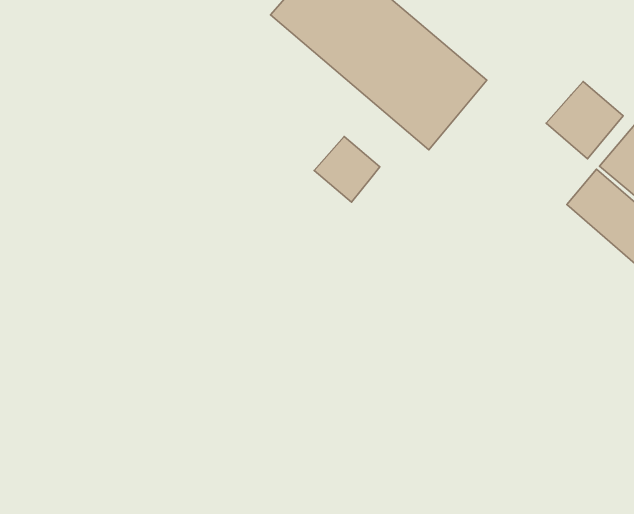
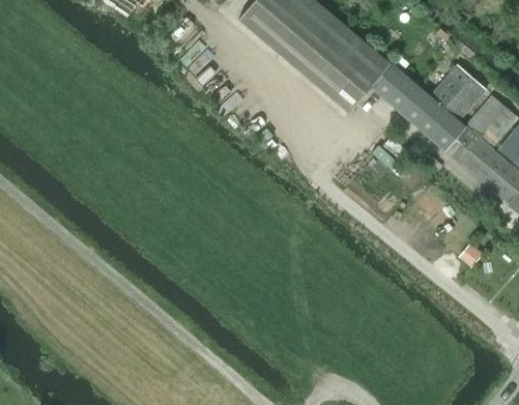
building: none -> [371,62,467,151]
building: [314,136,380,202] -> none

